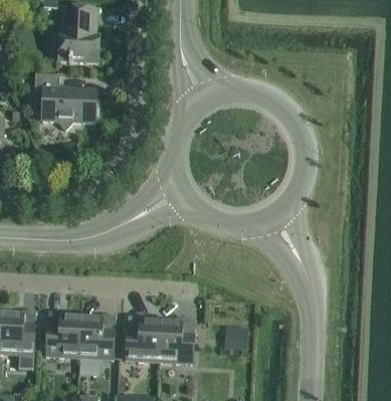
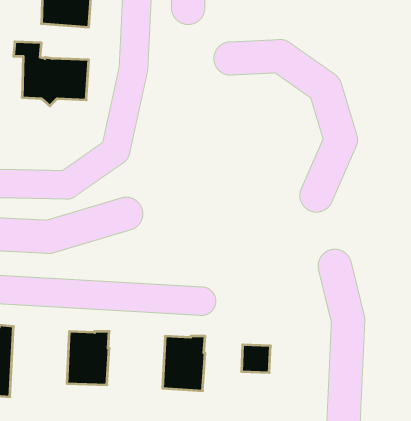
building: [46,312,81,358] -> none
building: [127,316,161,362] -> none

